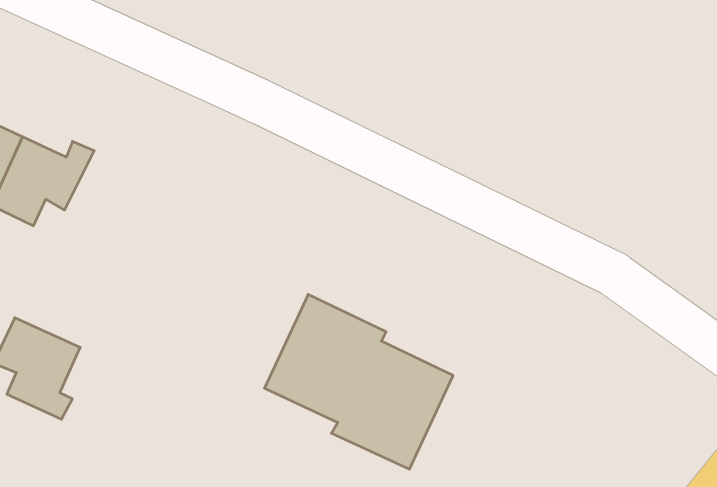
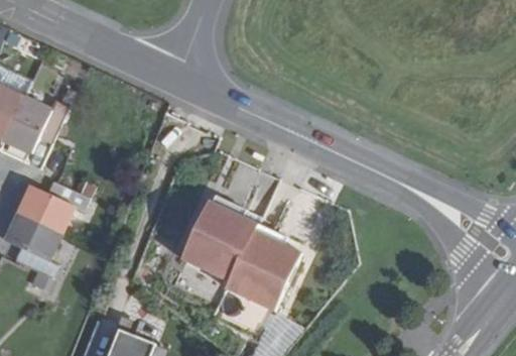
building: none -> [18,180,87,231]

